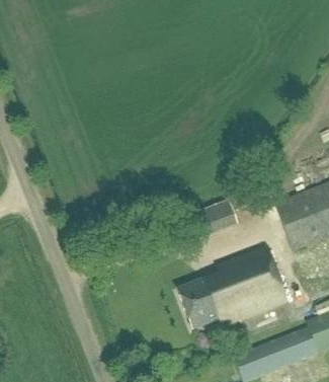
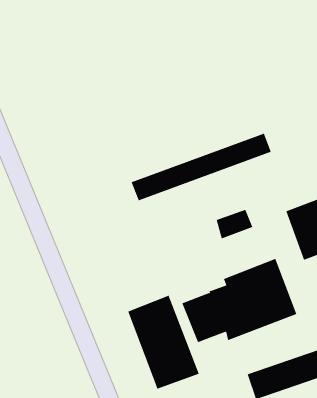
building: none -> [131,133,271,201]
building: none -> [127,295,199,390]

